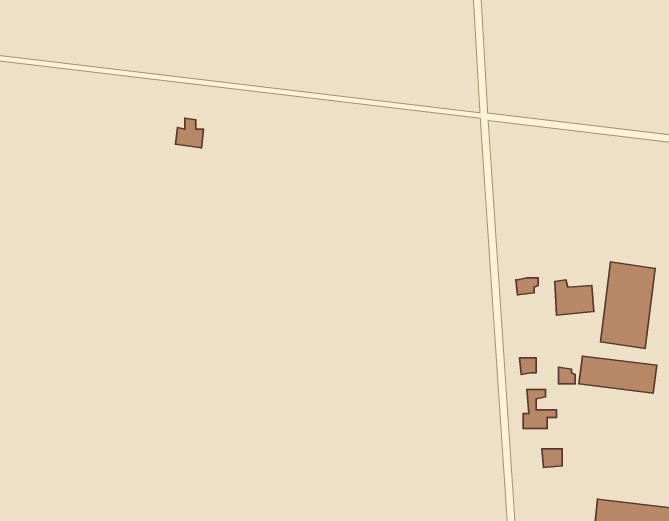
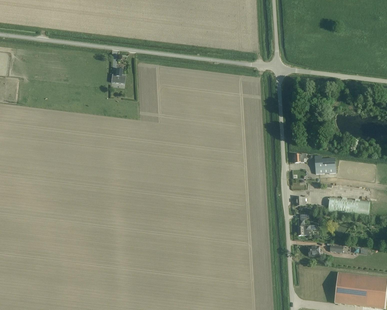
building: [600,262,655,348] -> none

